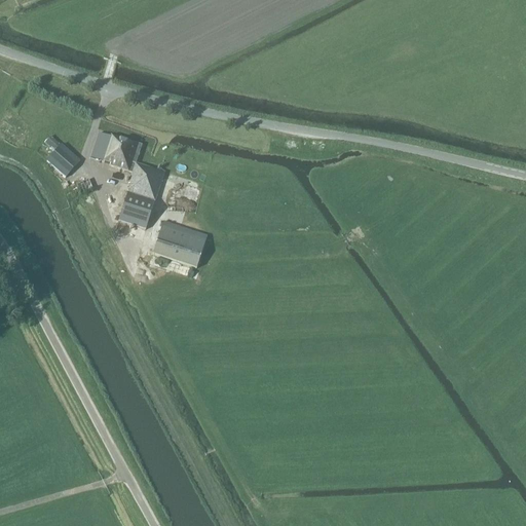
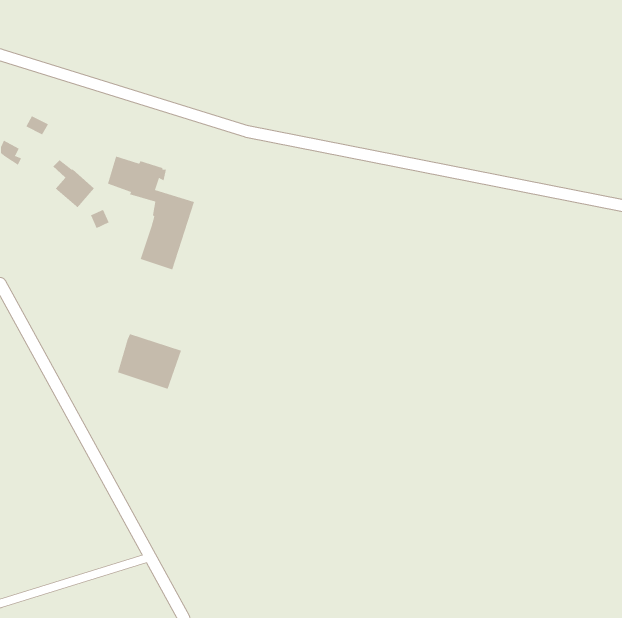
building: [153,220,208,267] -> [117,333,182,389]

